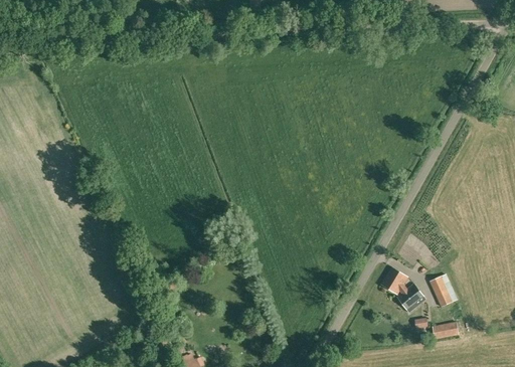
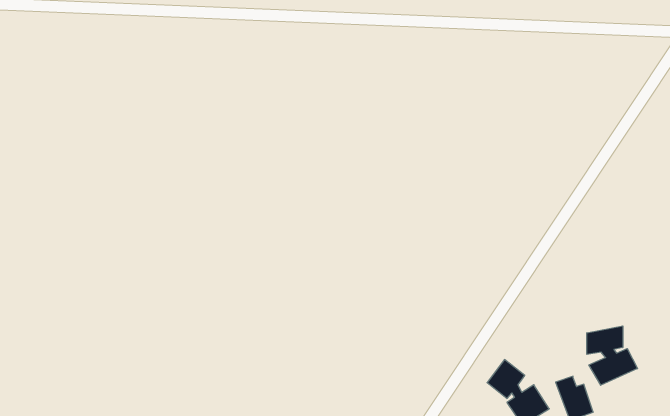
building: none -> [587,326,638,385]

